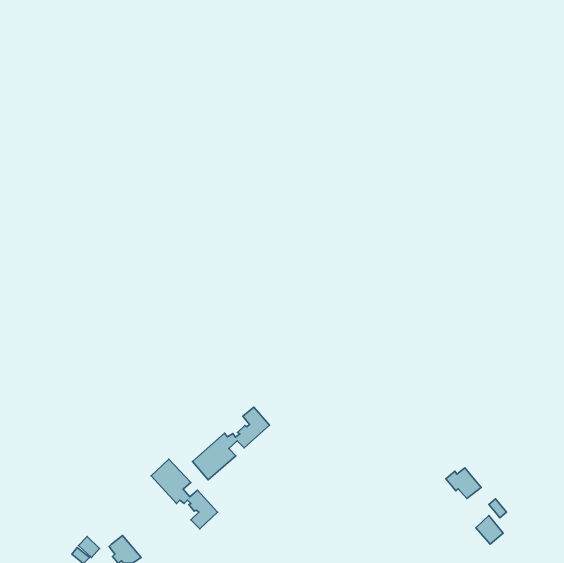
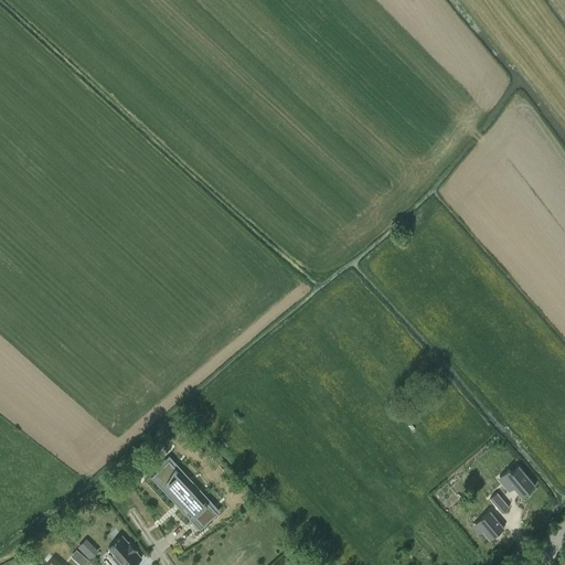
building: [192,407,270,480] -> none
building: [446,468,481,499] -> [501,473,536,504]

